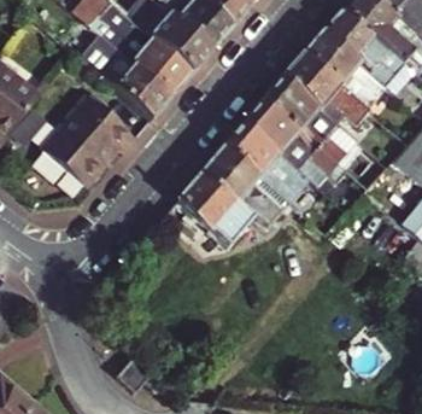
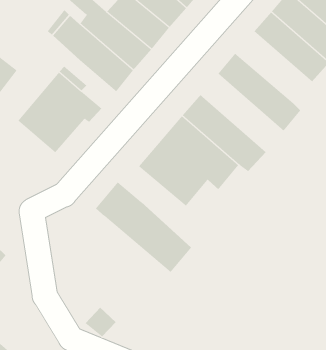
building: [282,52,368,132] -> none
building: [244,99,336,186] -> none
building: none -> [95,182,192,273]

